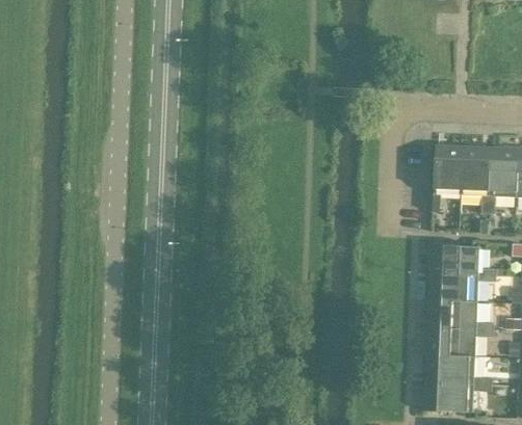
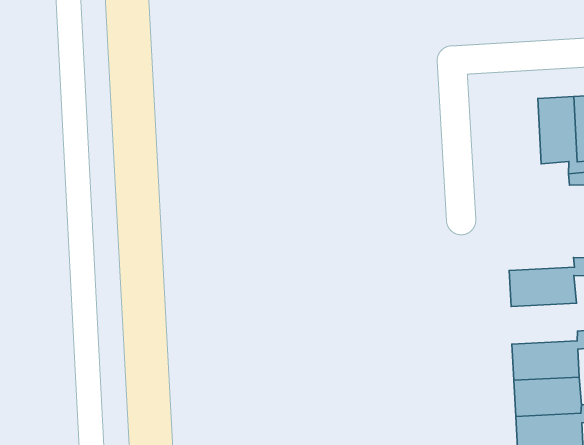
building: [436,143,467,211] -> none
building: [434,243,484,273] -> none
building: [430,298,481,328] -> none

